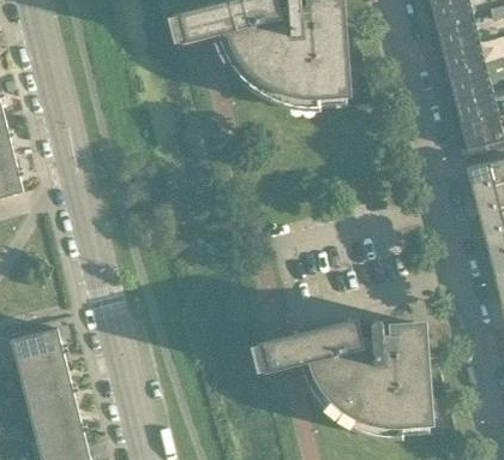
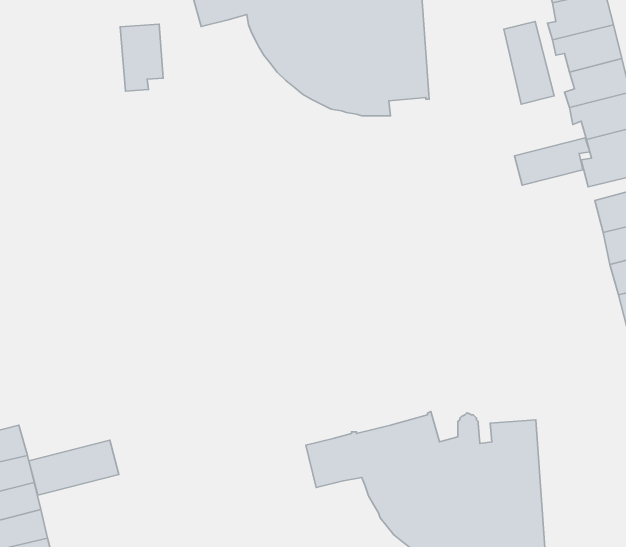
building: none -> [504,22,554,104]
building: none -> [120,24,163,91]
building: none -> [515,138,590,185]
building: none -> [29,440,119,495]

